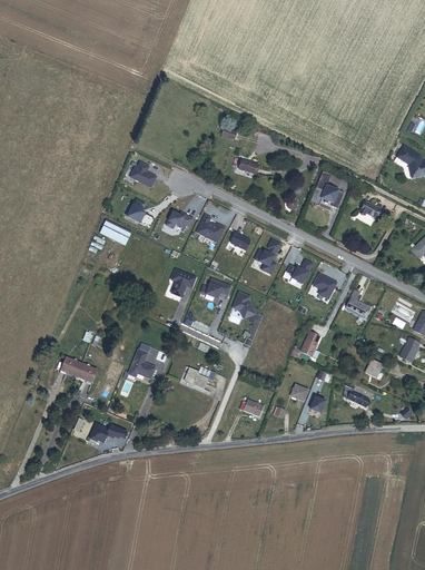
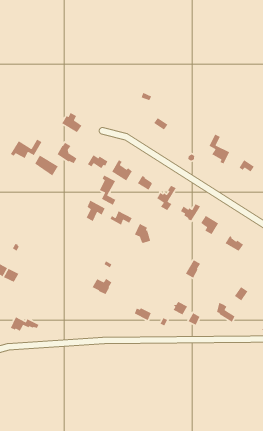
building: none -> [10,139,43,159]
building: none -> [99,174,116,206]
building: [128,347,156,377] -> none

